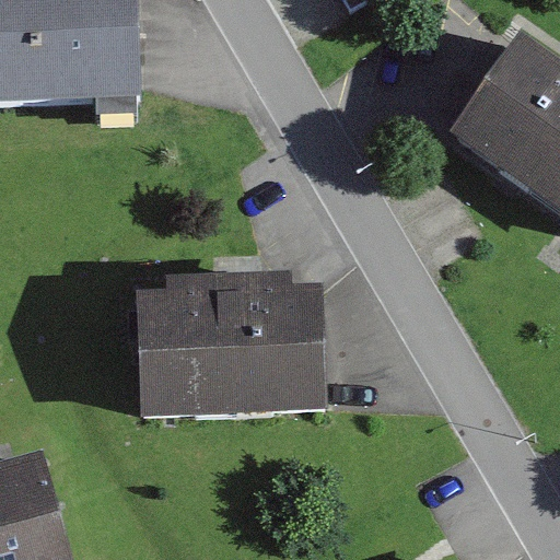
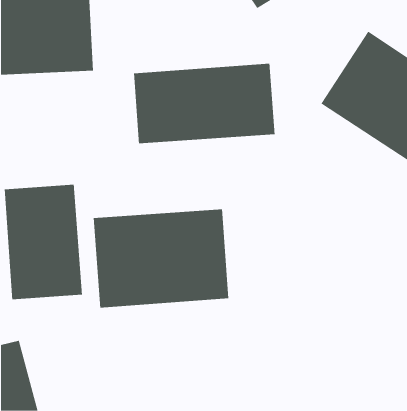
building: none -> [133,63,275,144]
building: none -> [4,184,83,300]

